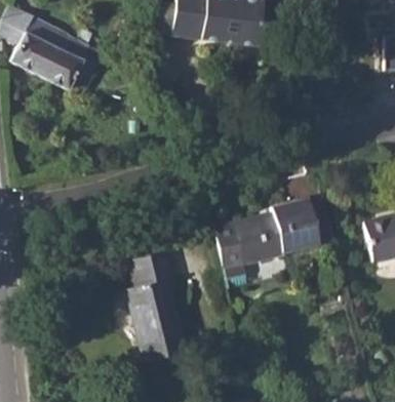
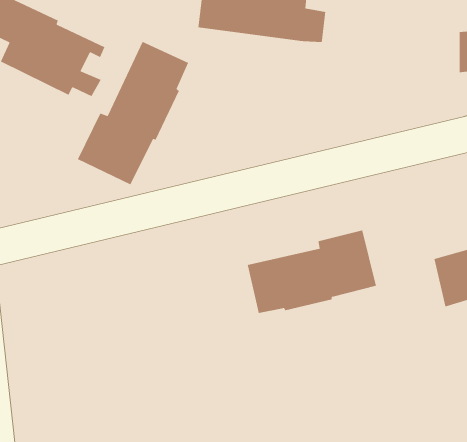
building: none -> [77,41,189,185]
building: [125,252,184,363] -> none

